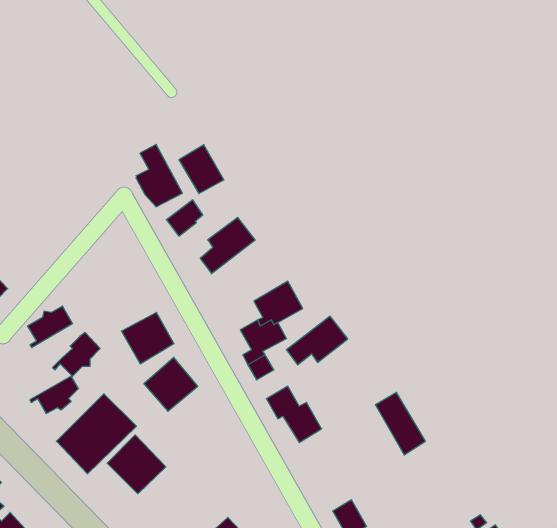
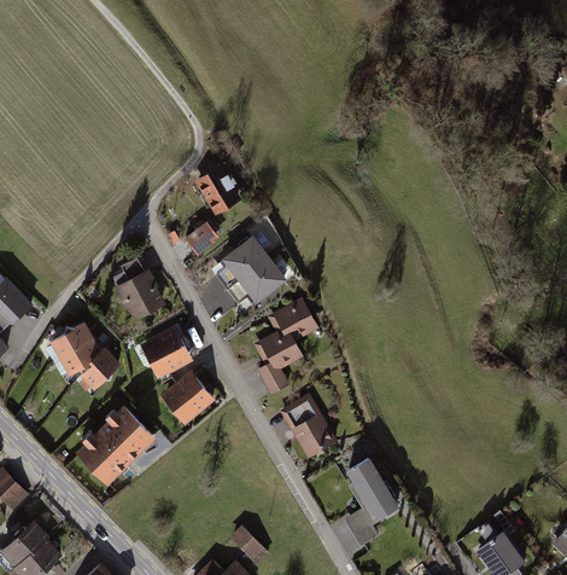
building: [136,144,182,207] -> [117,259,162,319]
building: [286,316,348,365] -> [227,259,286,306]
building: [30,376,79,414] -> [53,339,100,376]
building: [375,392,425,455] -> [349,460,397,521]
building: [107,435,166,494] -> none

